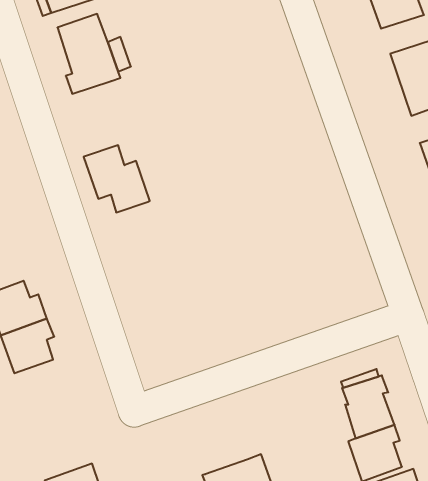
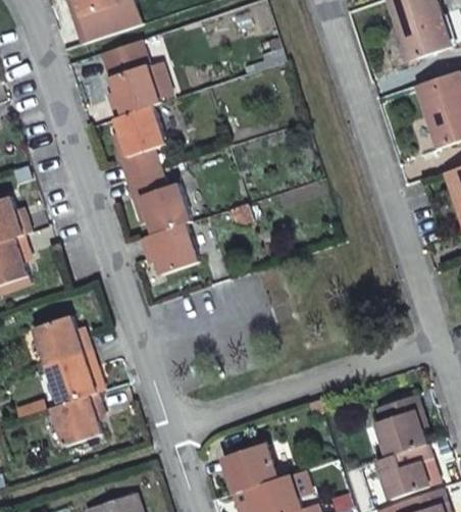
building: none -> [110,110,162,184]
building: none -> [143,227,198,277]
building: none -> [50,380,101,436]
building: none -> [228,443,281,492]

